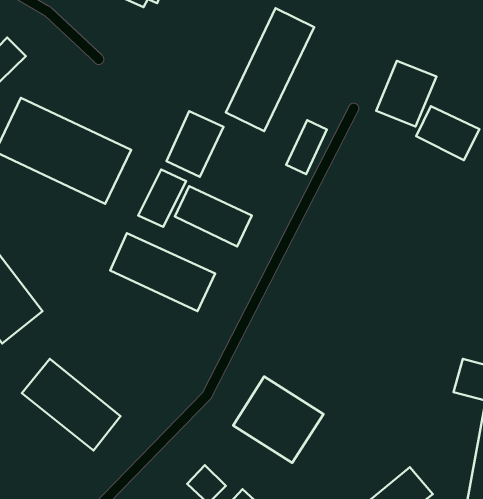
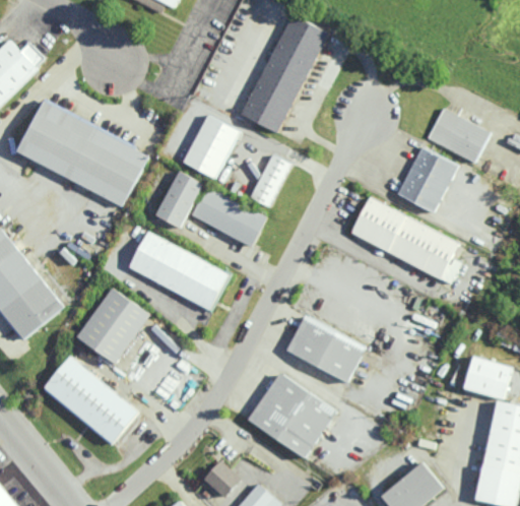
building: [376,61,436,126] -> [398,147,457,211]
building: [286,120,327,174] -> [250,153,289,206]
building: none -> [349,198,460,282]
building: none -> [77,288,148,363]
building: none -> [285,315,366,381]

